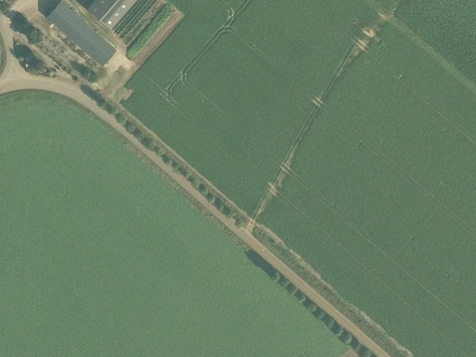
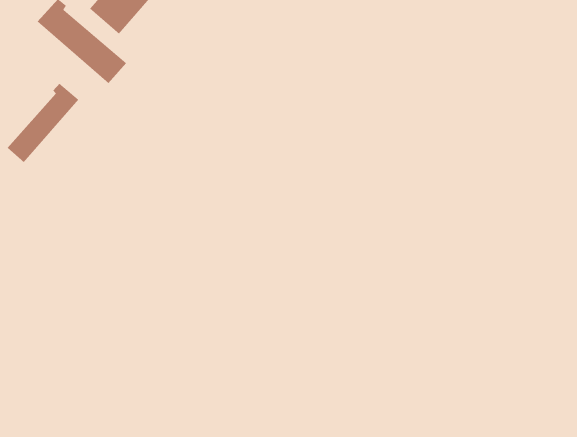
building: none -> [7,83,79,163]

